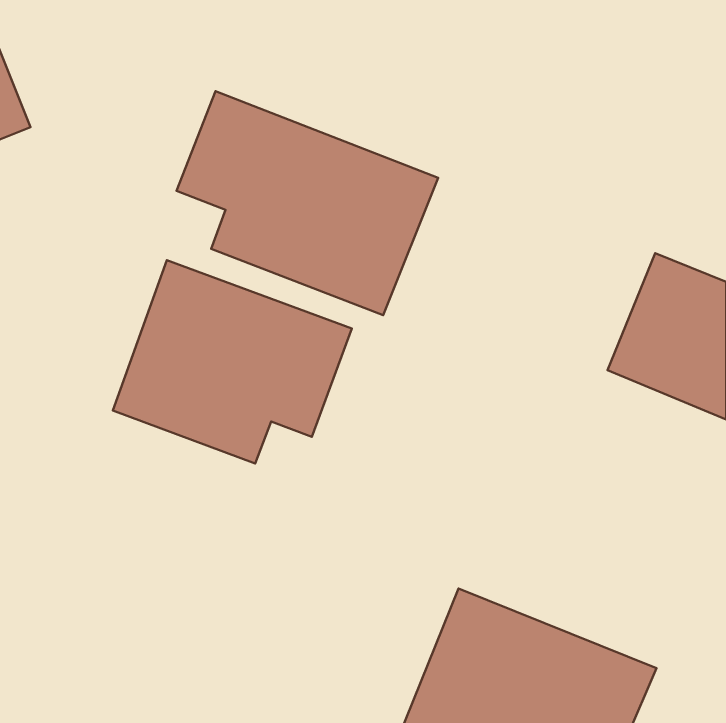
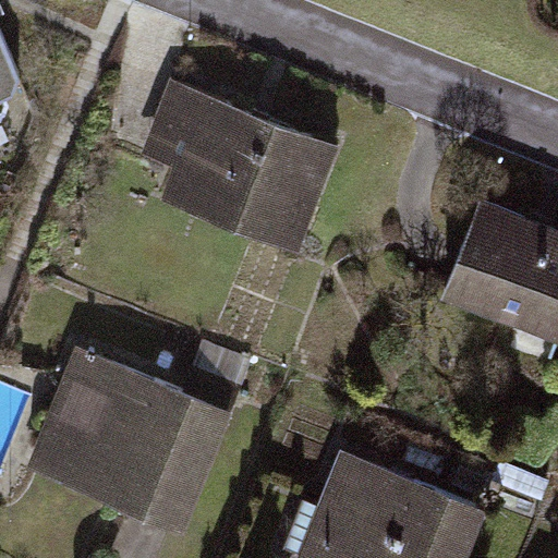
building: [113,260,352,463] -> none
building: none -> [22,350,233,534]

